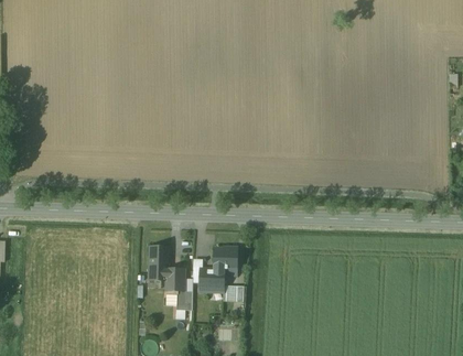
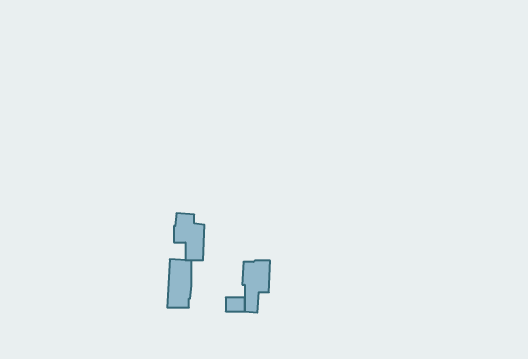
building: [166,268,193,309] -> [174,213,204,260]

